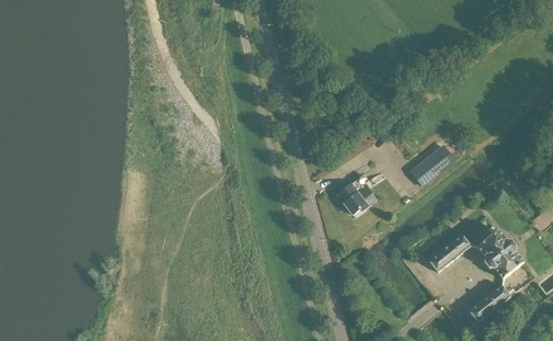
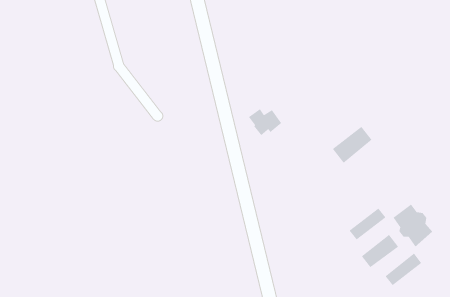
building: [335,182,375,213] -> [246,108,282,136]
building: none -> [361,234,399,268]

